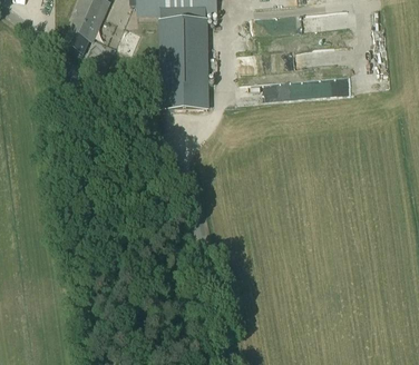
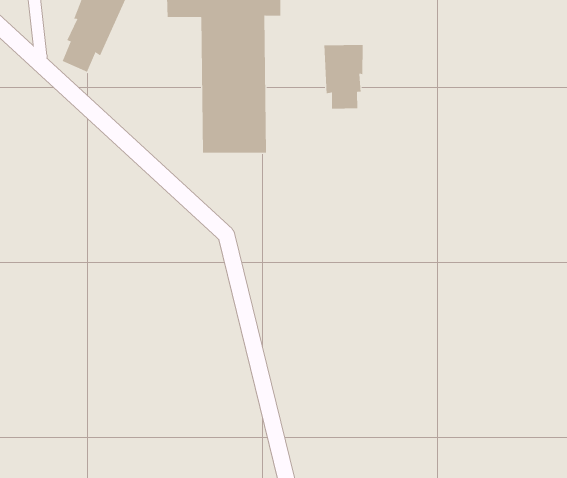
building: none -> [324,44,363,109]

